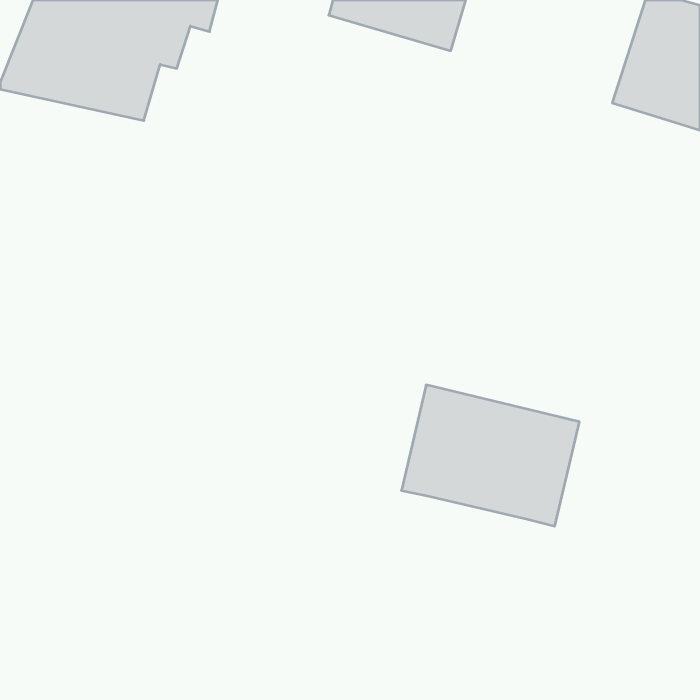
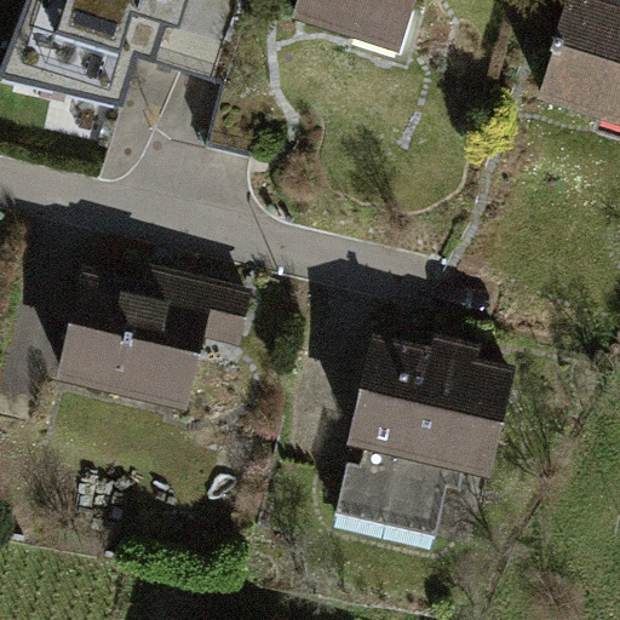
building: none -> [65,272,211,396]
building: none -> [339,438,466,536]

